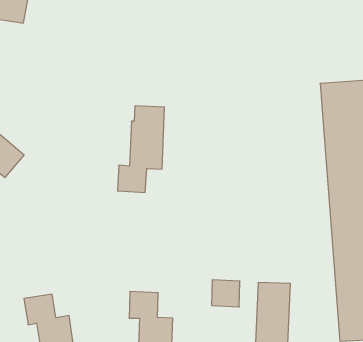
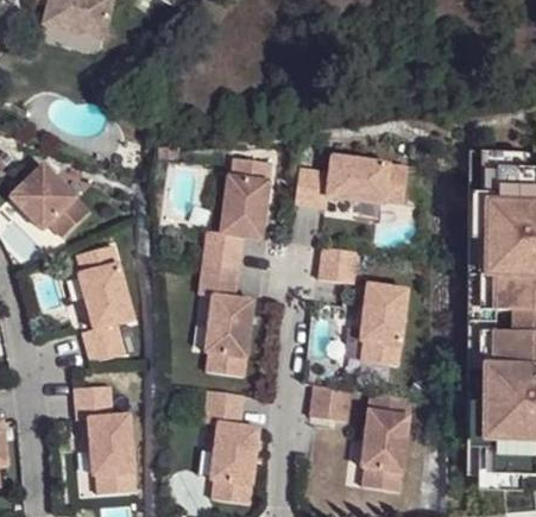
building: none -> [294,156,408,208]
building: none -> [319,247,358,283]
building: none -> [77,242,133,360]
building: none -> [200,263,253,377]
building: none -> [359,284,408,365]

